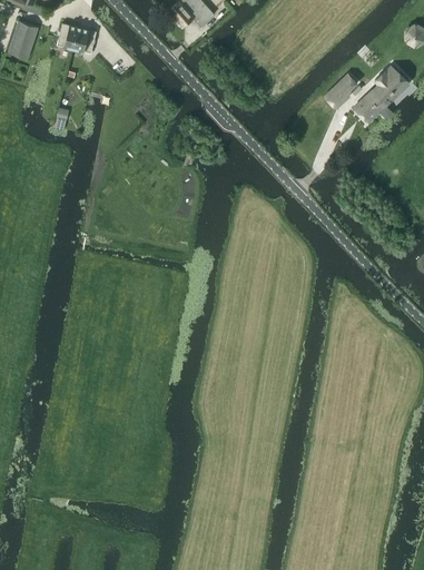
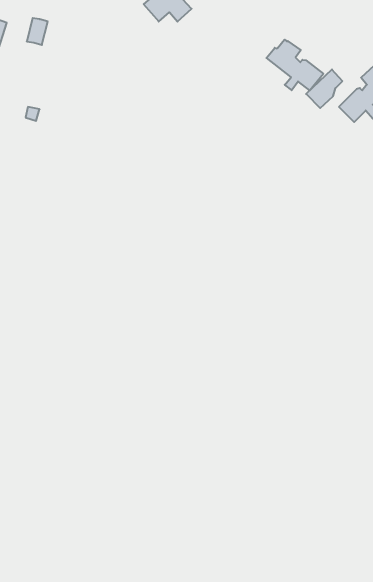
building: [70,27,96,53] -> none
building: none -> [266,40,323,90]

